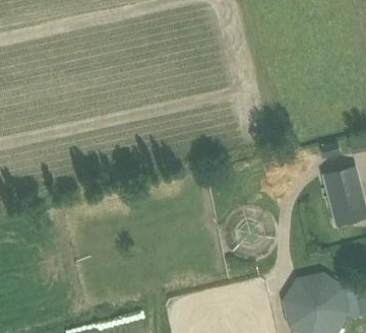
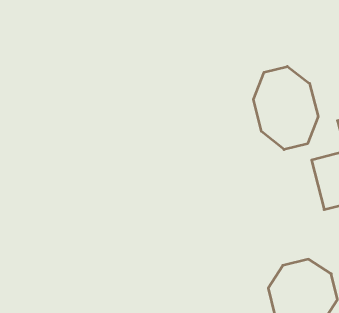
building: none -> [253,66,318,150]

